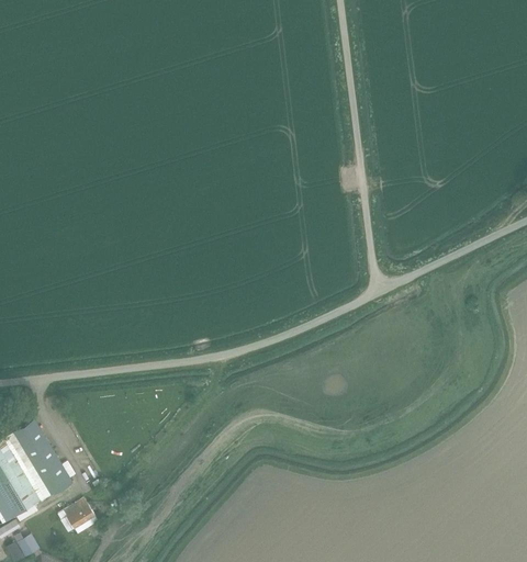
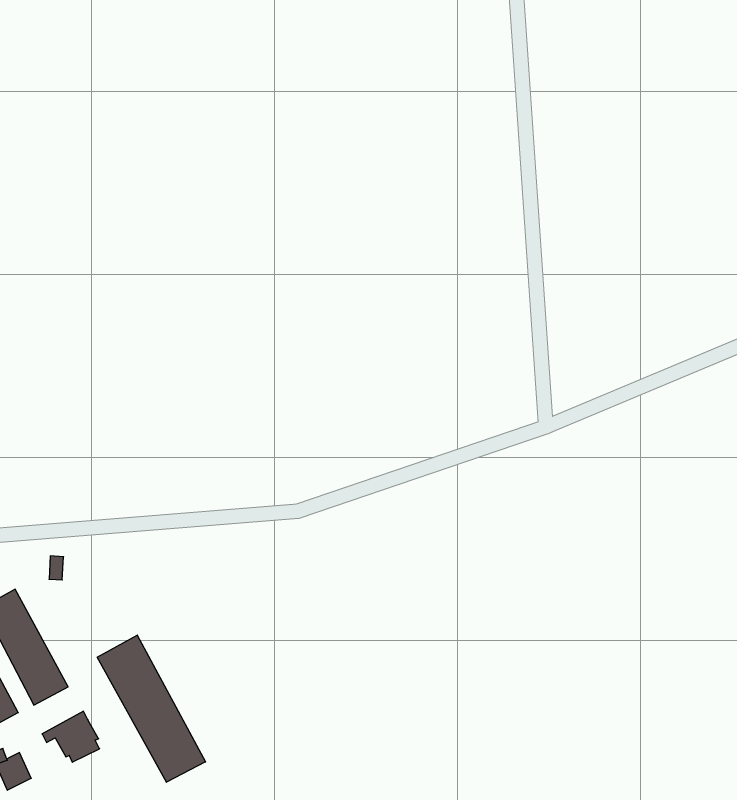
building: none -> [97,635,206,782]

